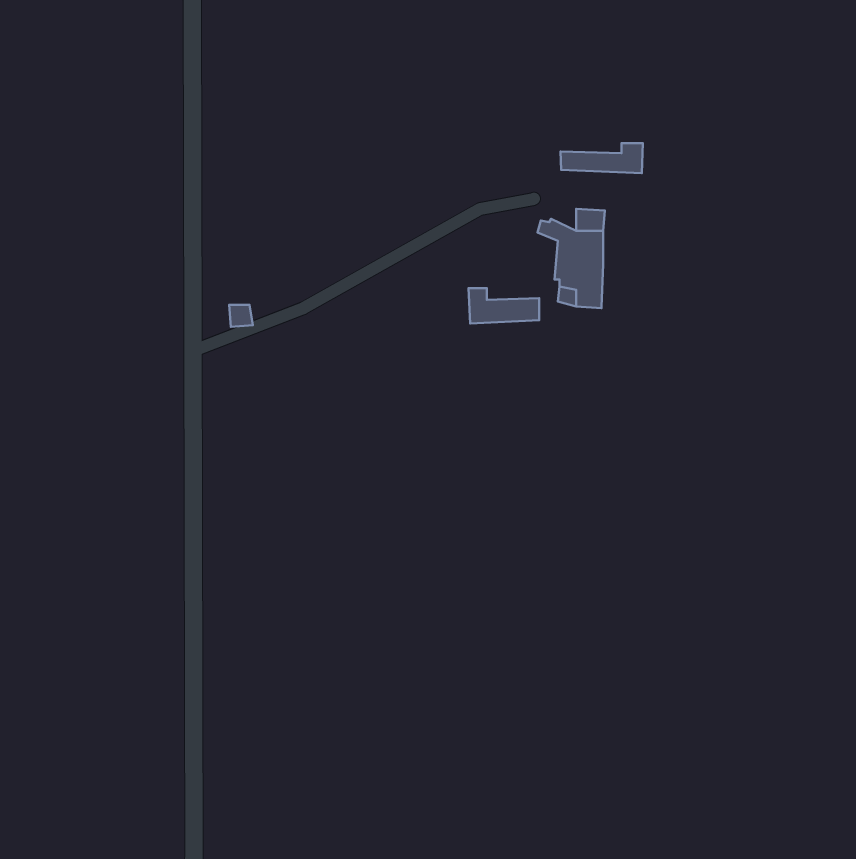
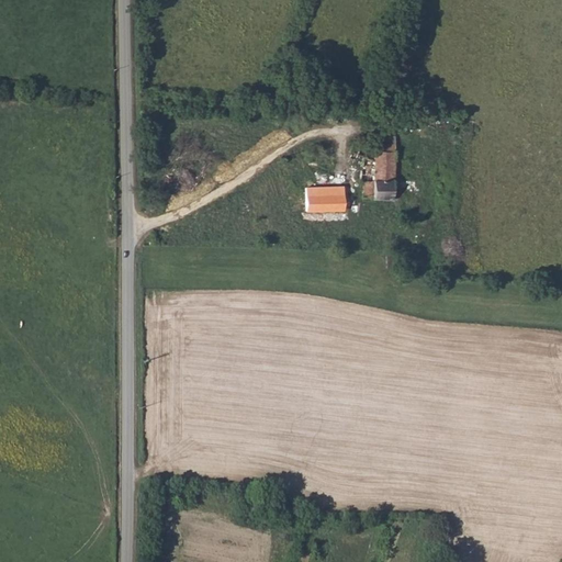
building: [561,143,643,173] -> none

